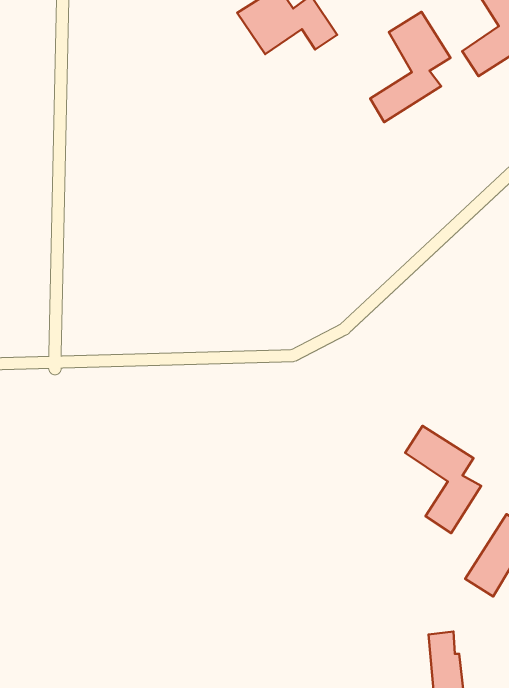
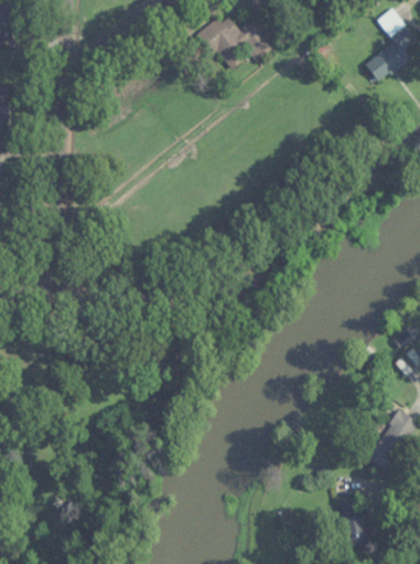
building: [370,12,450,122] -> none
building: [405,426,481,533] -> none

